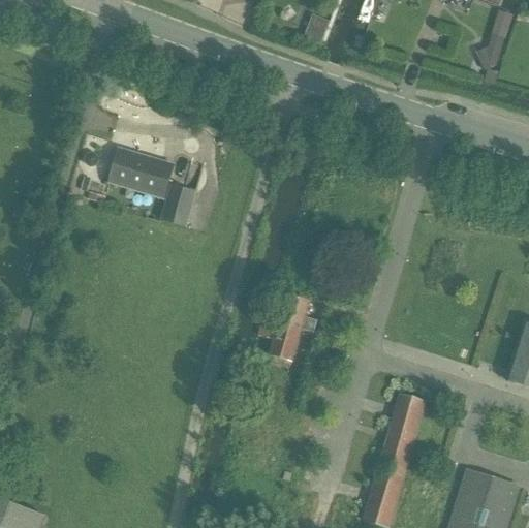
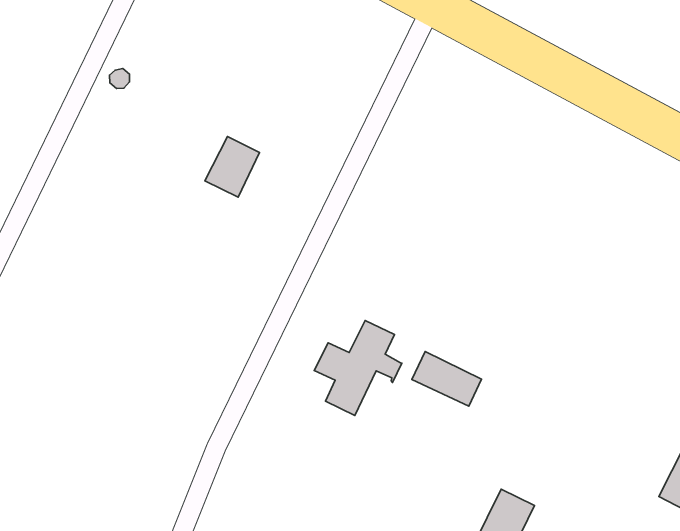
building: [110,147,175,198] -> none
building: none -> [412,351,482,406]

